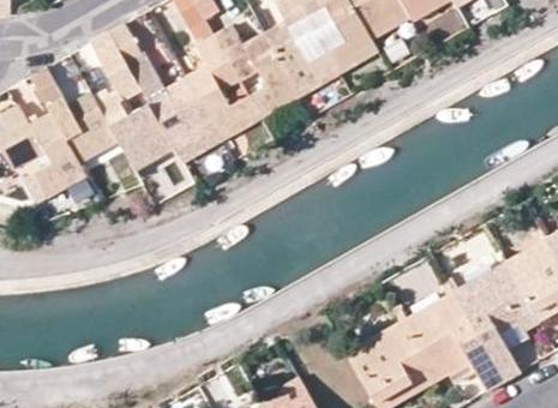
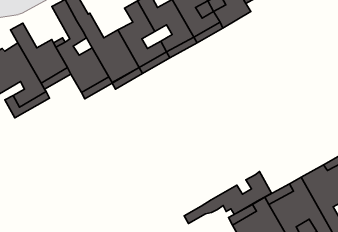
building: none -> [184,172,272,223]

